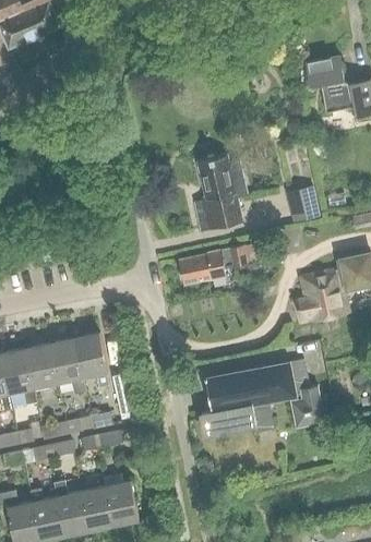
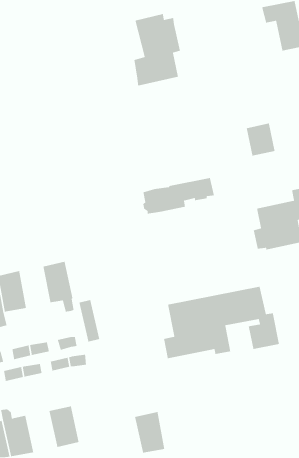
building: [195,154,246,231] -> [133,13,181,86]
building: [49,338,83,394] -> none
building: [52,480,88,535] -> none
building: [104,480,136,525] -> [134,411,165,454]

